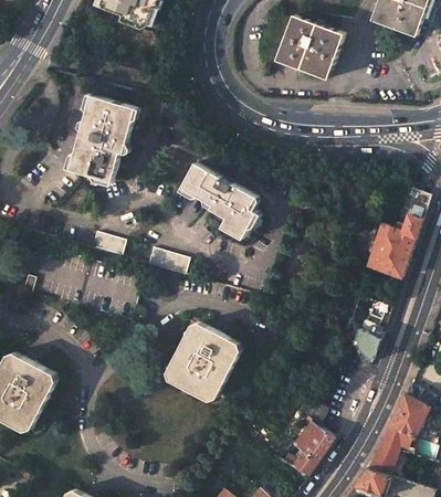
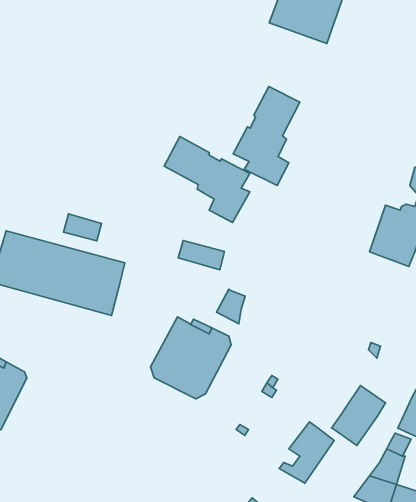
building: [69,95,135,181] -> none
building: none -> [233,86,300,186]
building: [146,248,188,275] -> [178,241,225,270]
building: none -> [216,289,245,324]
building: none -> [331,385,386,446]

